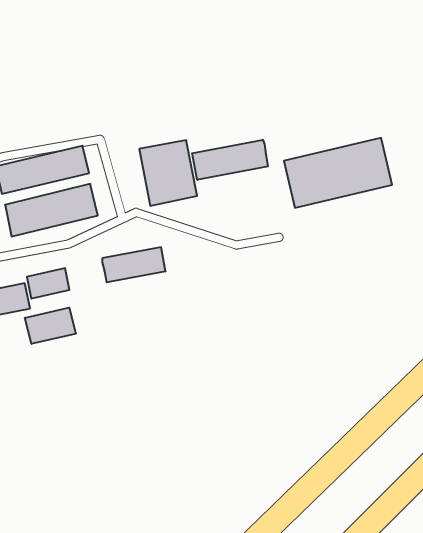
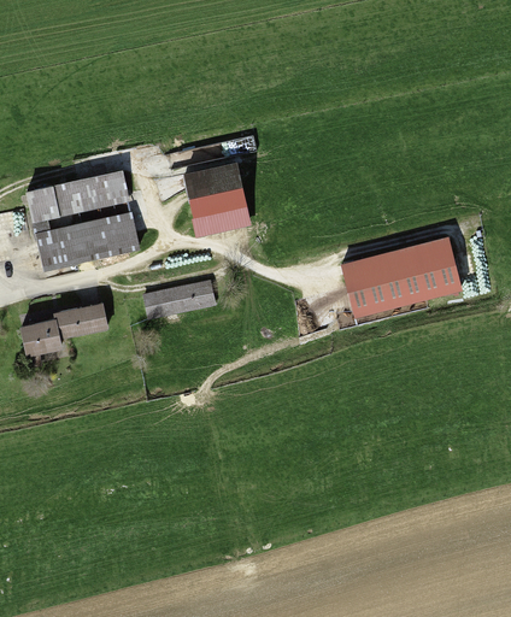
building: [284,138,392,208] -> [341,237,460,315]
building: [192,140,268,180] -> none
building: [25,308,76,344] -> none

